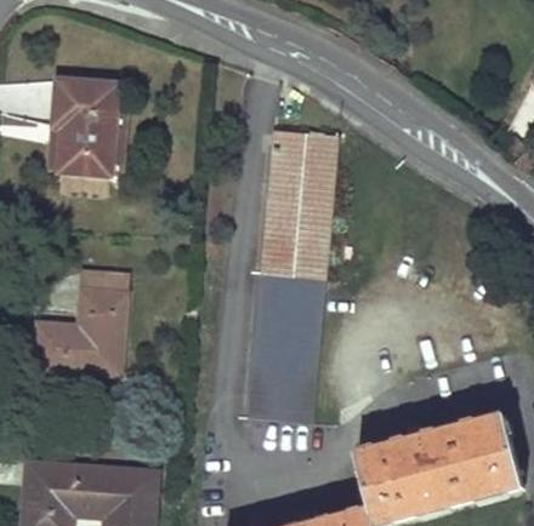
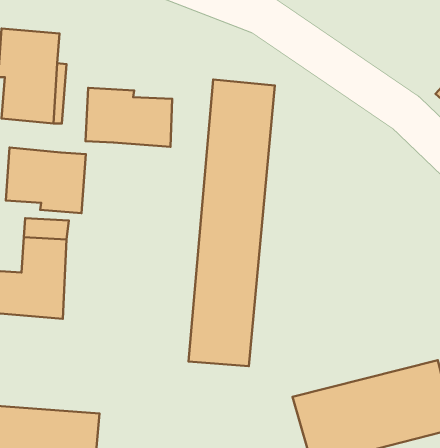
building: none -> [86,88,172,147]
building: none -> [6,148,86,213]

